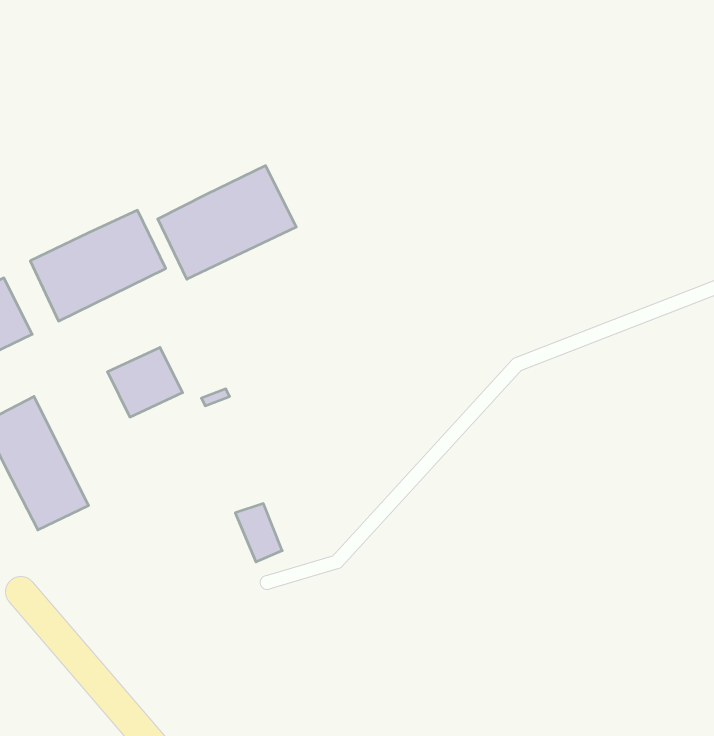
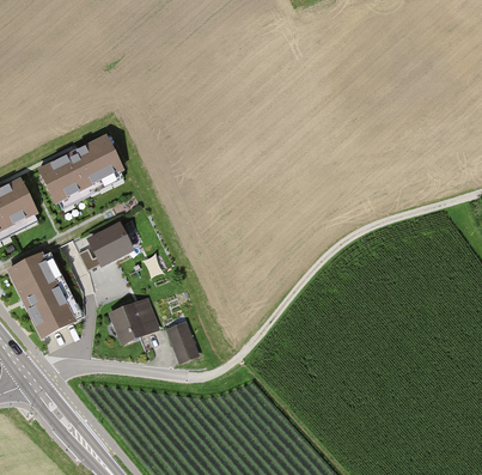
building: [158,166,296,279] -> none
building: none -> [112,297,158,337]

